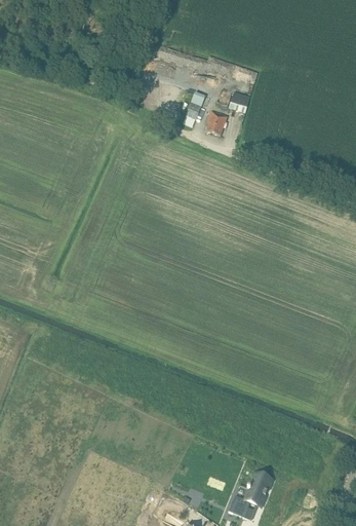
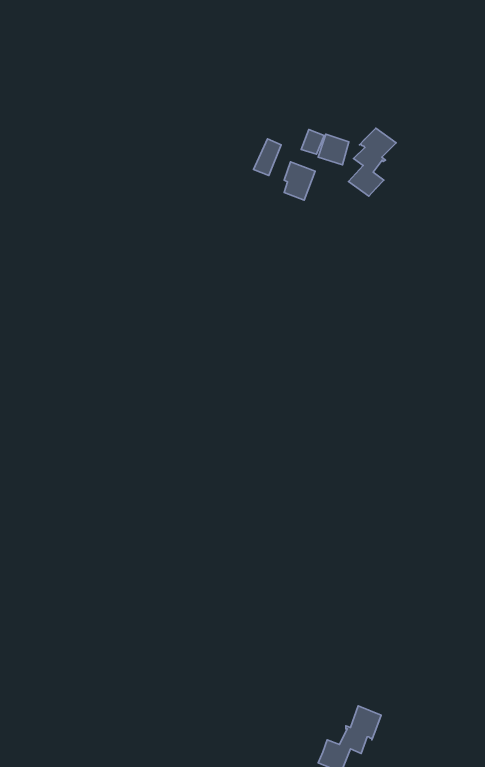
building: none -> [348,128,396,196]

